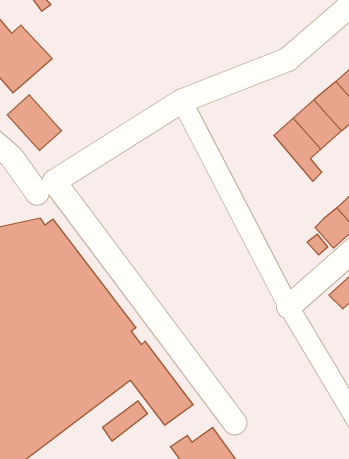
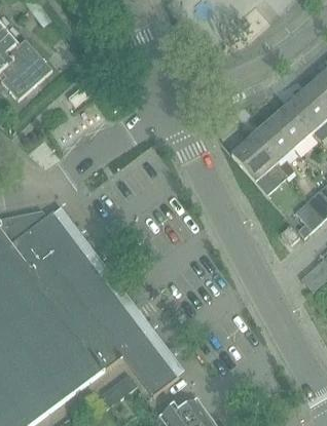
building: [7,95,62,151] -> none
building: none -> [231,137,286,194]

